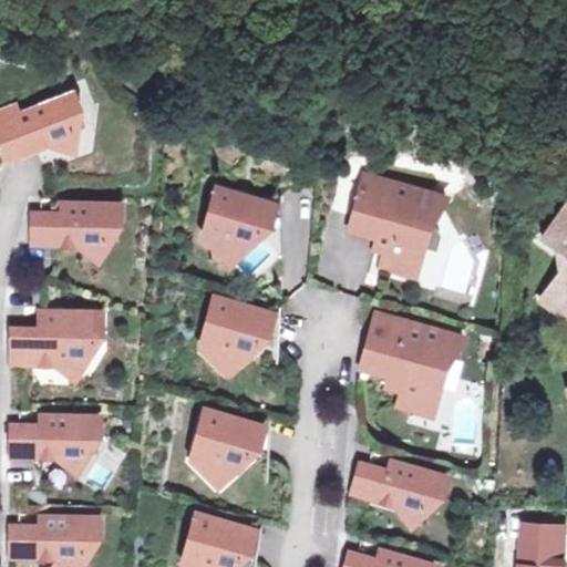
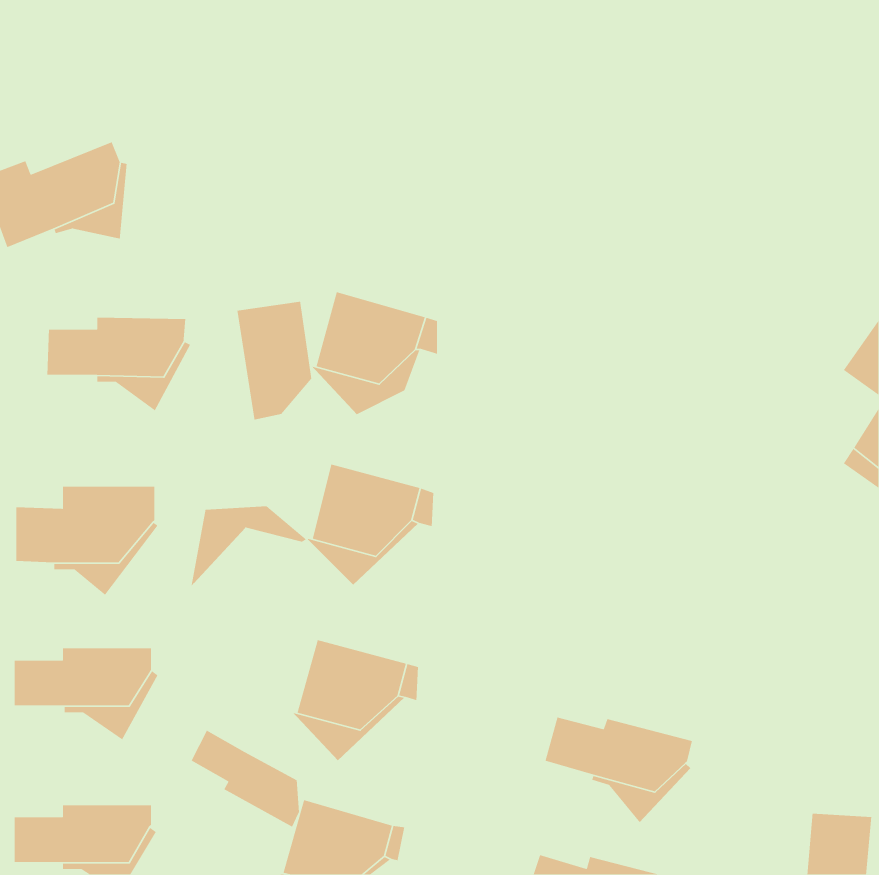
building: [350,174,446,271] -> none
building: none -> [237,301,312,420]
building: [361,312,463,411] -> none
building: none -> [190,506,307,589]
building: none -> [190,730,300,828]

